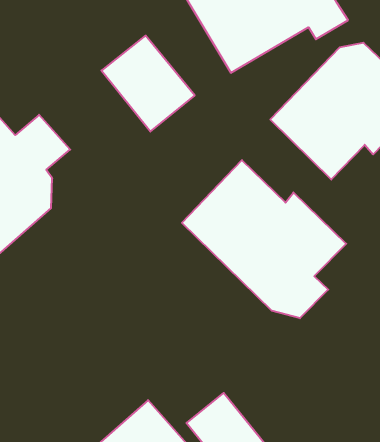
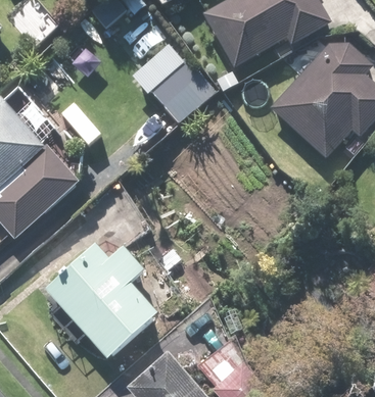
building: [182,160,346,318] -> none
building: none -> [45,241,178,361]

